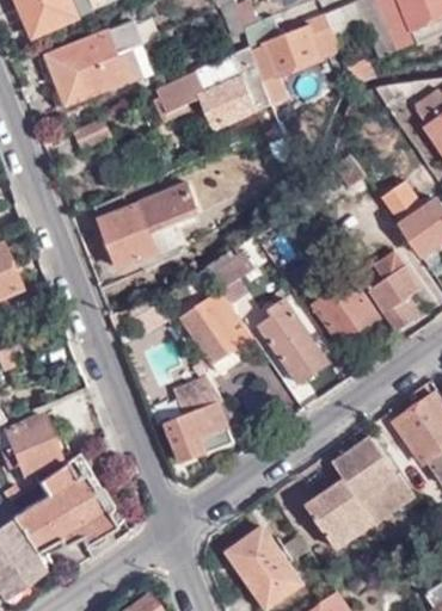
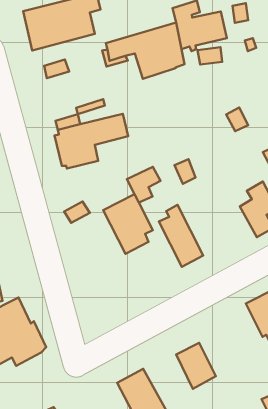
building: [311,278,376,345] -> none
building: [165,378,238,464] -> none
building: [332,434,413,527] -> none

